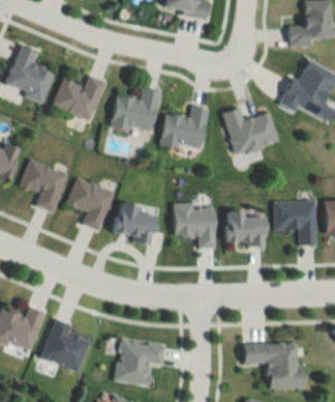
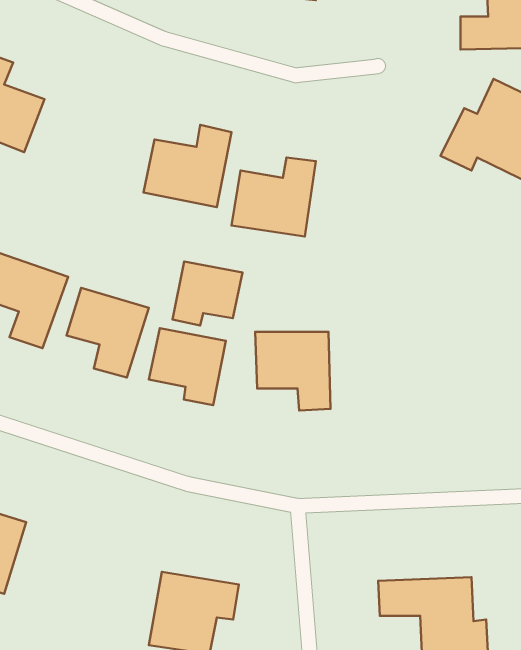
building: [53,75,105,120] -> none
building: [222,107,279,155] -> none
building: none -> [173,261,243,325]
building: [274,199,315,245] -> none
building: [227,209,265,245] -> none
building: [40,317,90,370] -> none

